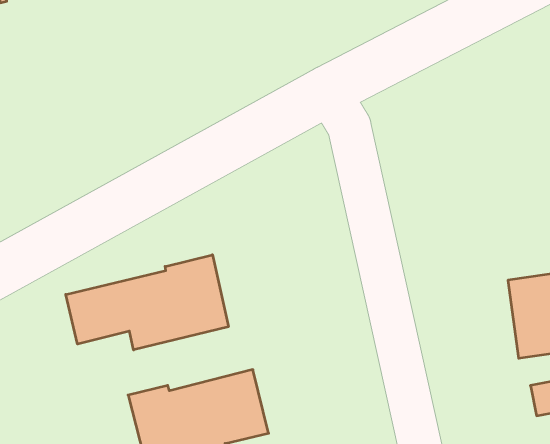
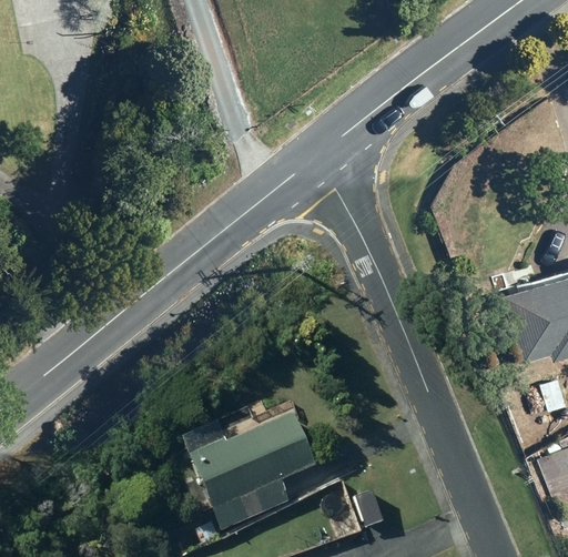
building: [66,255,228,350] -> none

